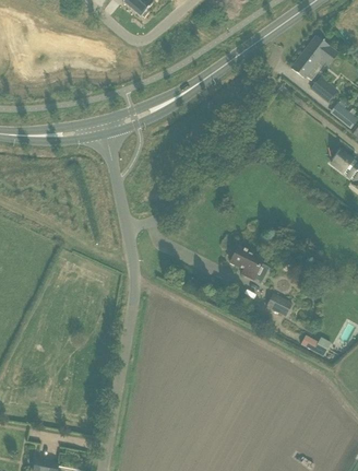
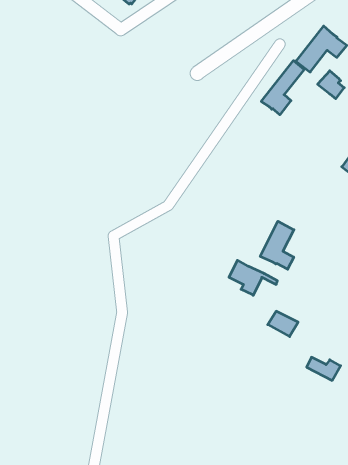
building: none -> [261,61,304,115]
building: none -> [260,221,294,269]

